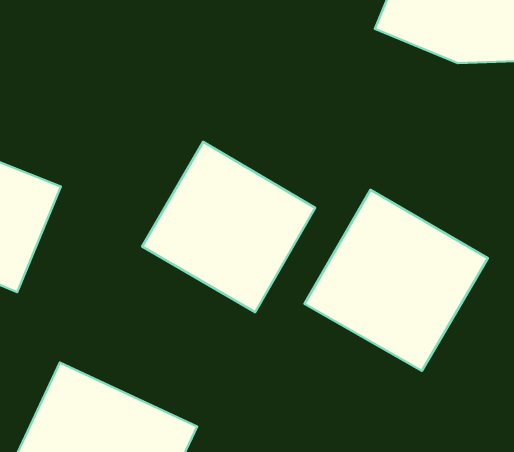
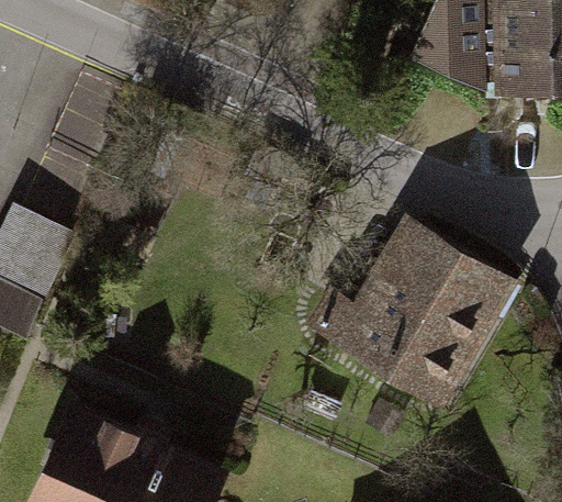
building: [142,142,315,312] -> none

